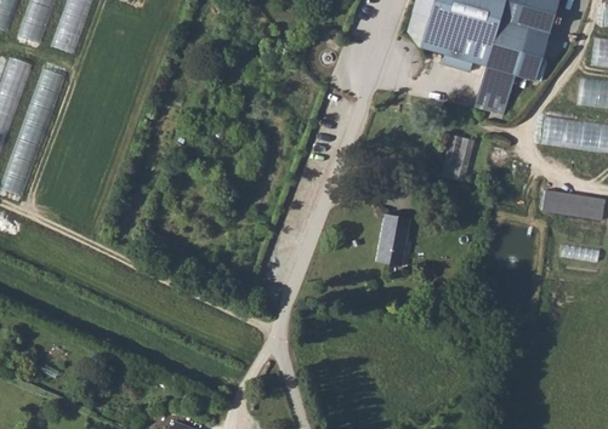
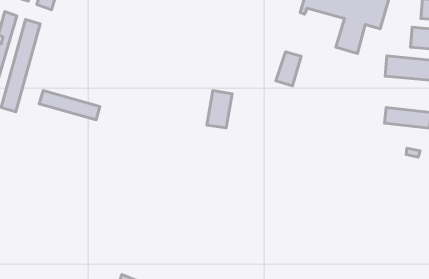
building: [441,133,476,181] -> [276,52,301,86]
building: none -> [39,91,100,120]
building: [375,213,410,265] -> [207,90,232,128]

